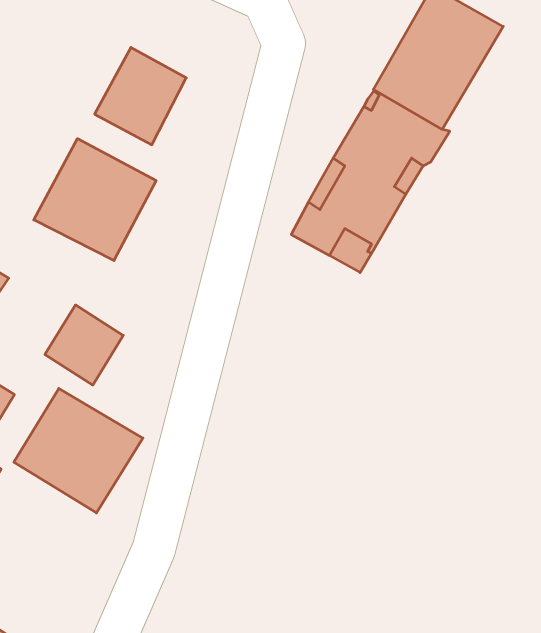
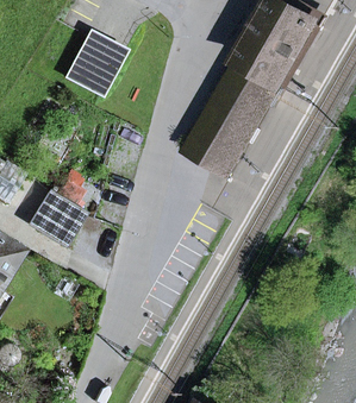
building: [34,139,156,261] -> none
building: [14,388,143,513] -> none

